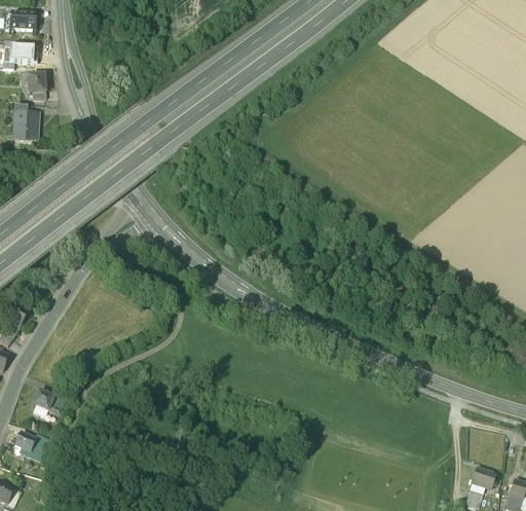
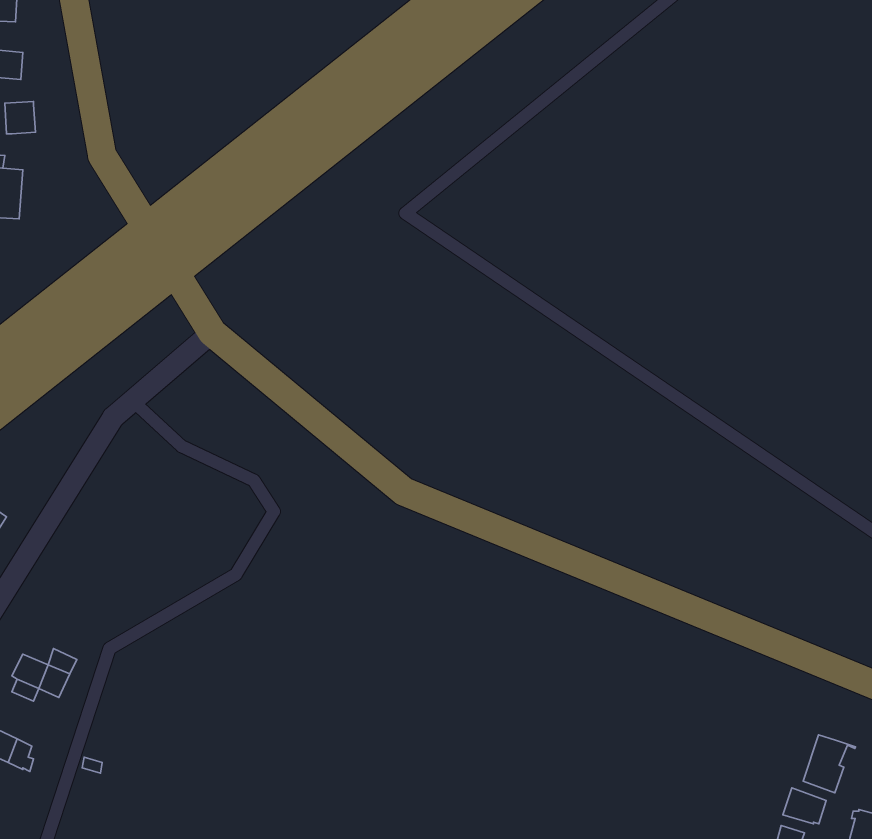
building: none -> [803,735,855,793]

